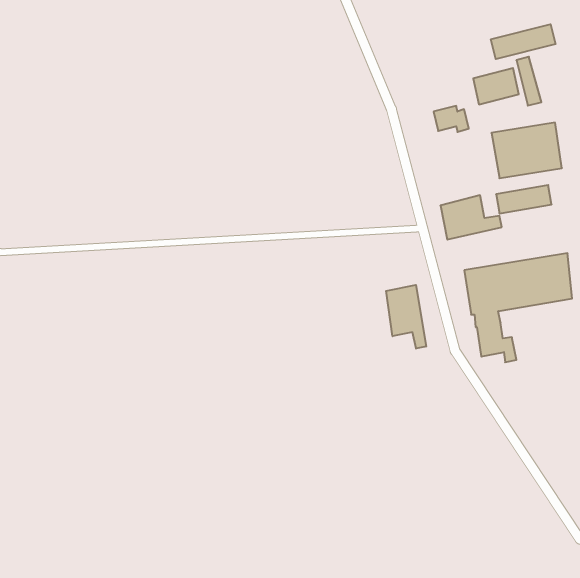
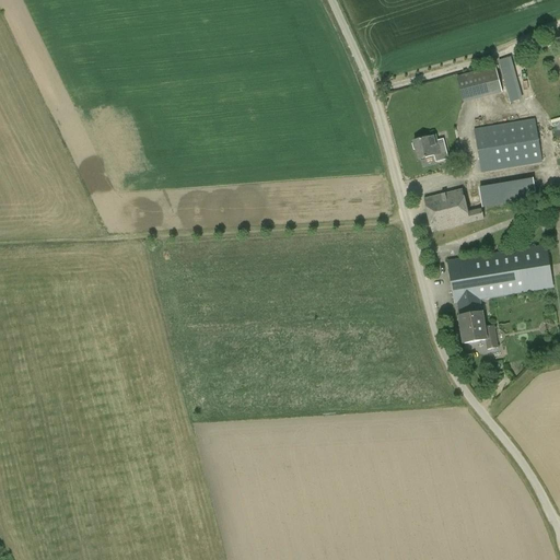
building: [491,24,556,59] -> none
building: [434,106,469,132] -> [413,135,447,160]
building: [386,285,426,349] -> none

